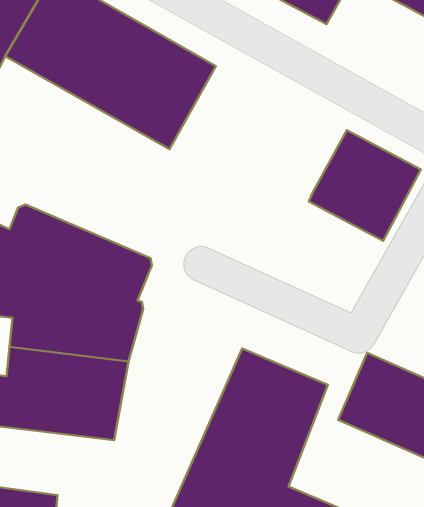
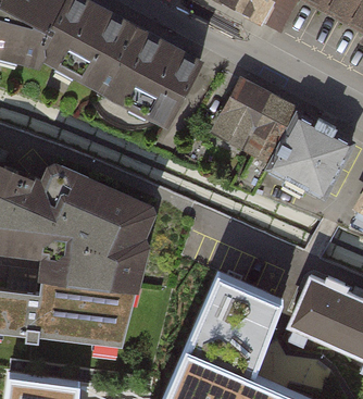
building: none -> [216,83,297,160]

